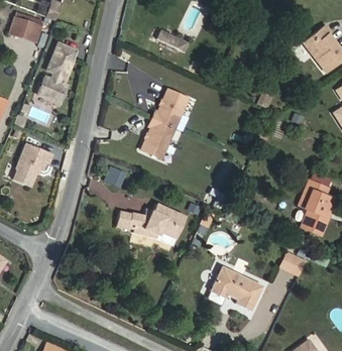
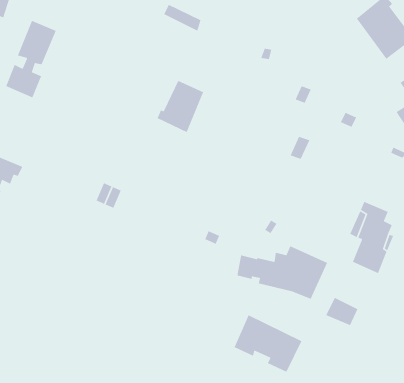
building: [141,118,176,159] -> none
building: [117,204,187,245] -> [237,245,328,300]

